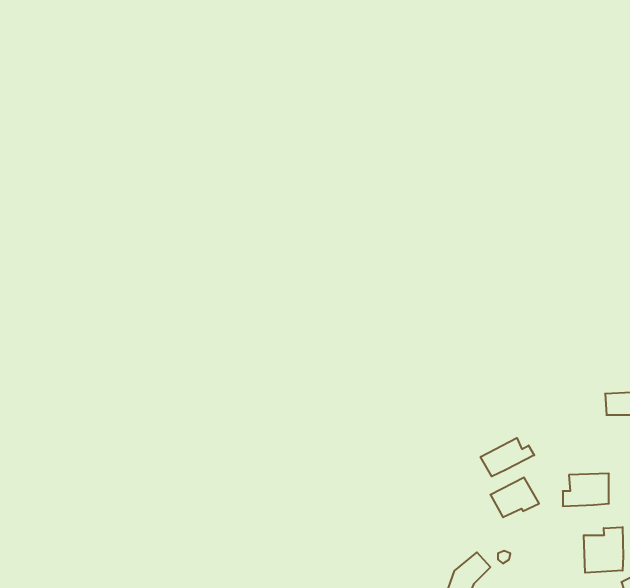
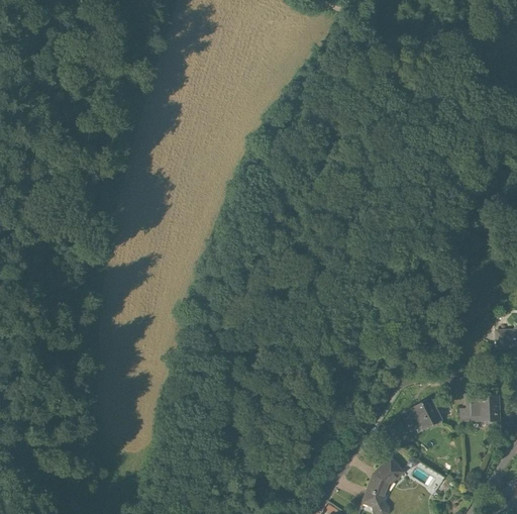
building: [481,438,534,476] -> none
building: [584,527,623,573] -> none

